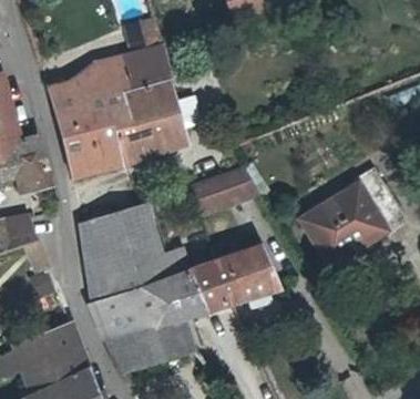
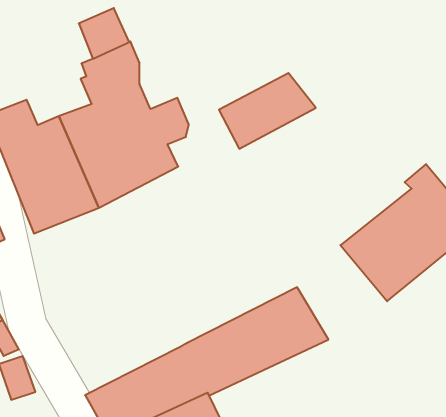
building: [80,58,127,99] -> none
building: [187,163,259,214] -> [219,73,316,149]
building: [79,205,167,304] -> none

